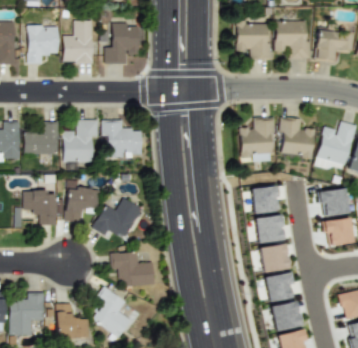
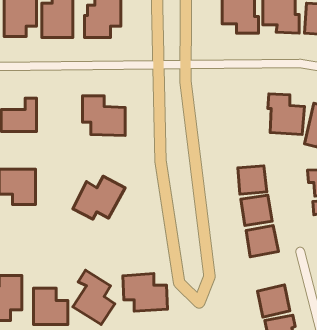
building: [240,118,274,162] -> none
building: [63,119,98,170] -> none
building: [65,185,99,220] -> none
building: [112,251,155,287] -> [123,274,168,311]
building: [264,273,295,302] -> none

